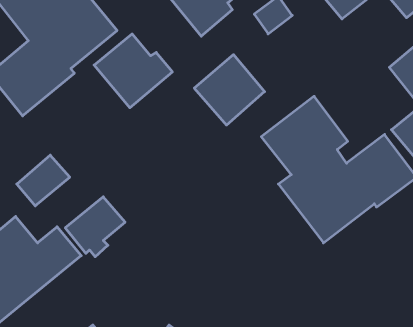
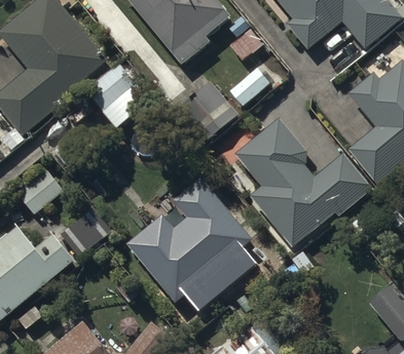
building: none -> [125,178,251,308]

